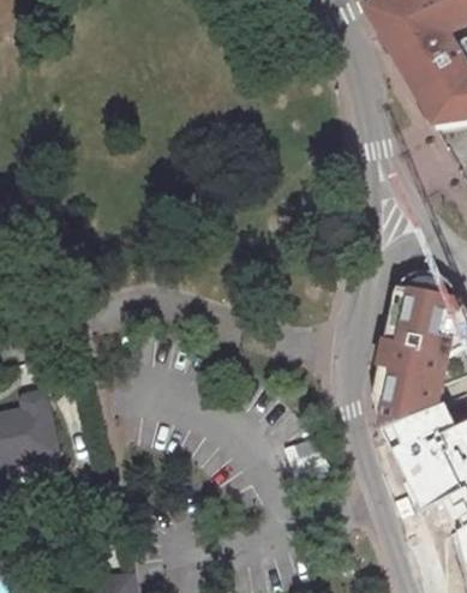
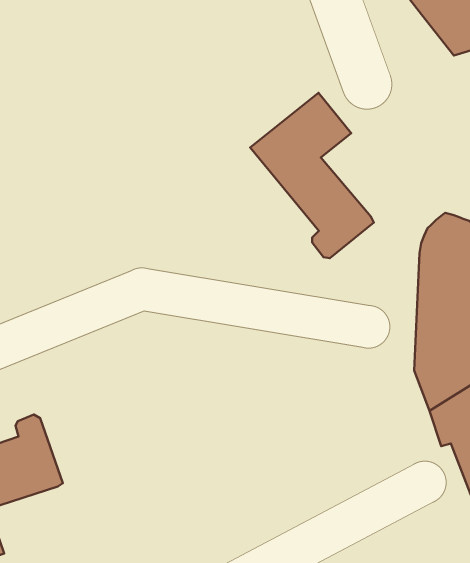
building: none -> [250,93,374,258]

